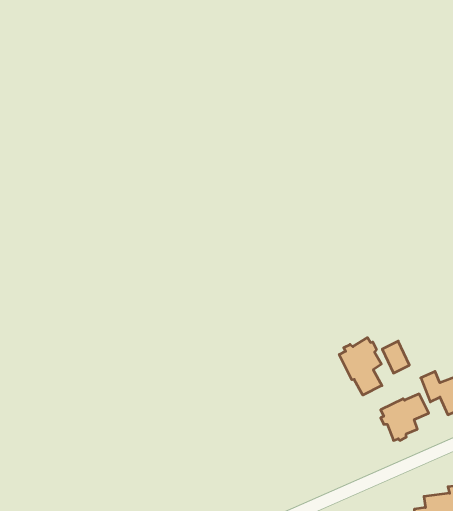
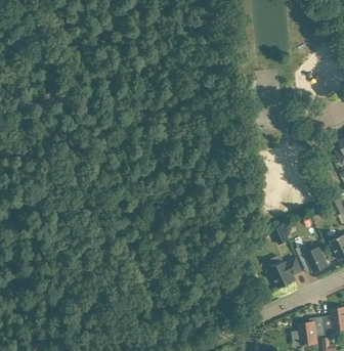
building: [339,338,382,395] -> none

